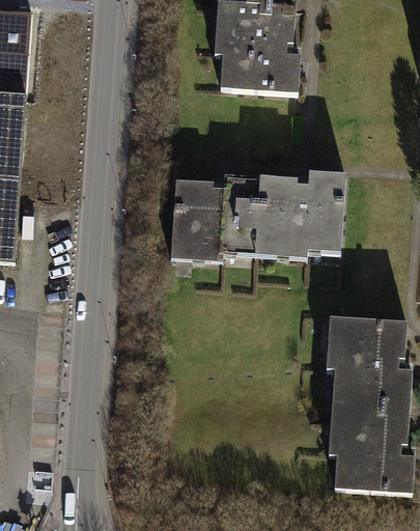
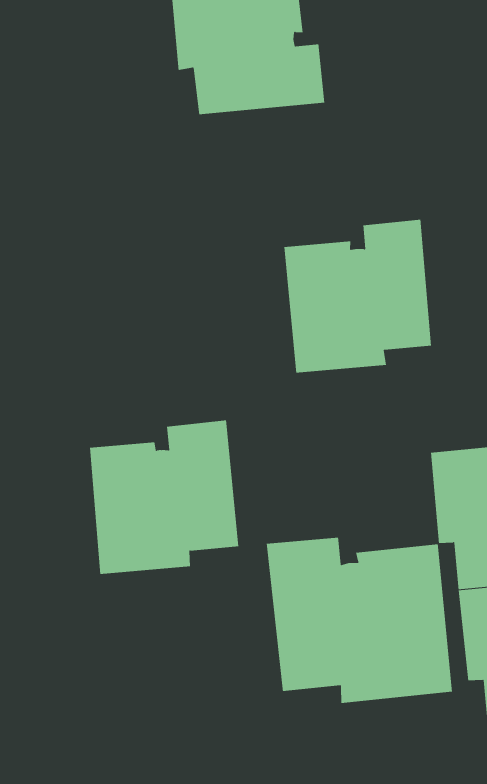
building: [166,175,258,262] -> [89,420,239,574]
building: none -> [266,537,453,704]

